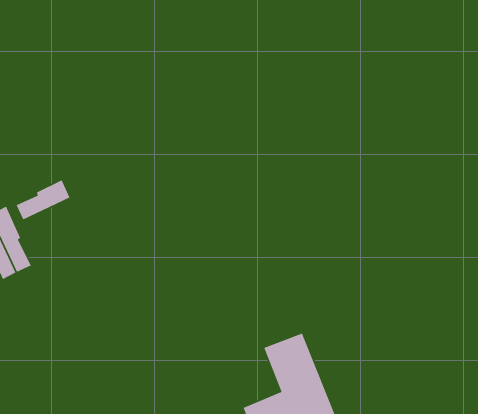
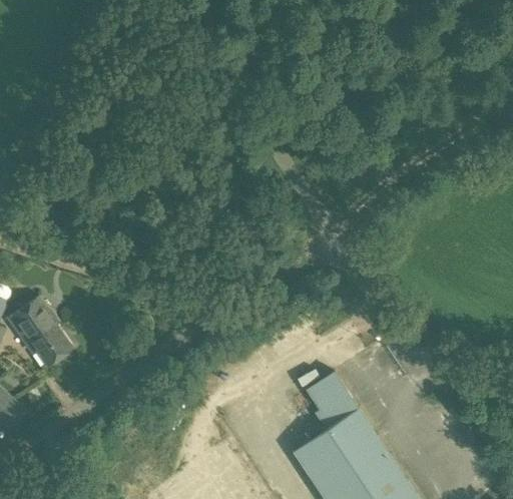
building: [15,179,71,220] -> none

